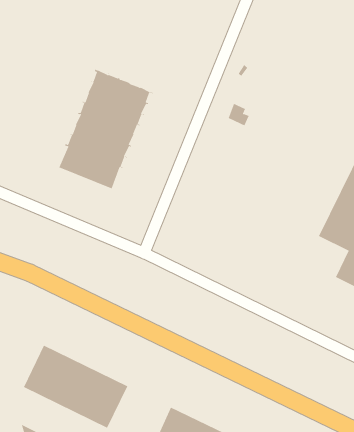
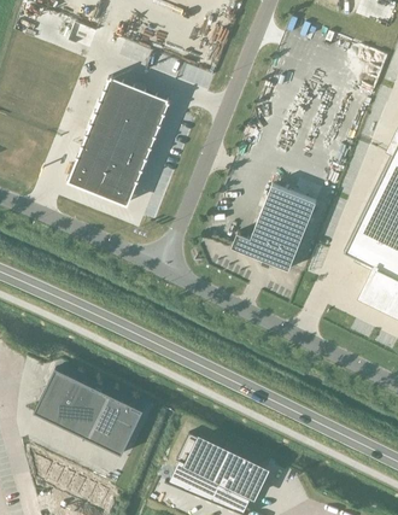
building: none -> [233,185,317,270]

